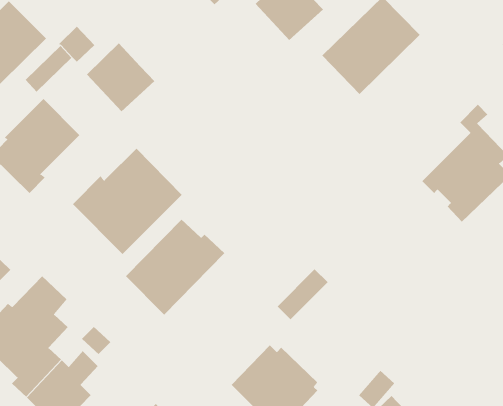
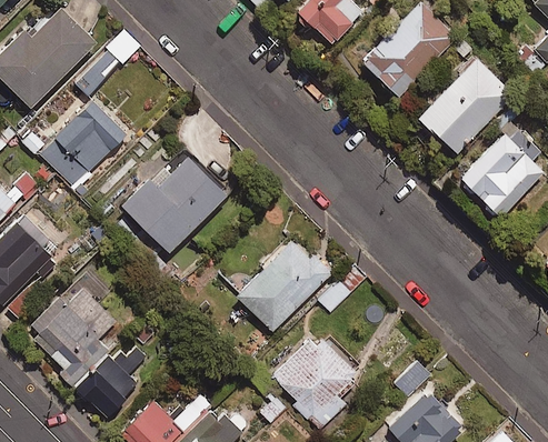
building: [86,42,155,112] -> none
building: none -> [417,57,512,152]
building: [125,219,225,315] -> [236,240,332,333]

